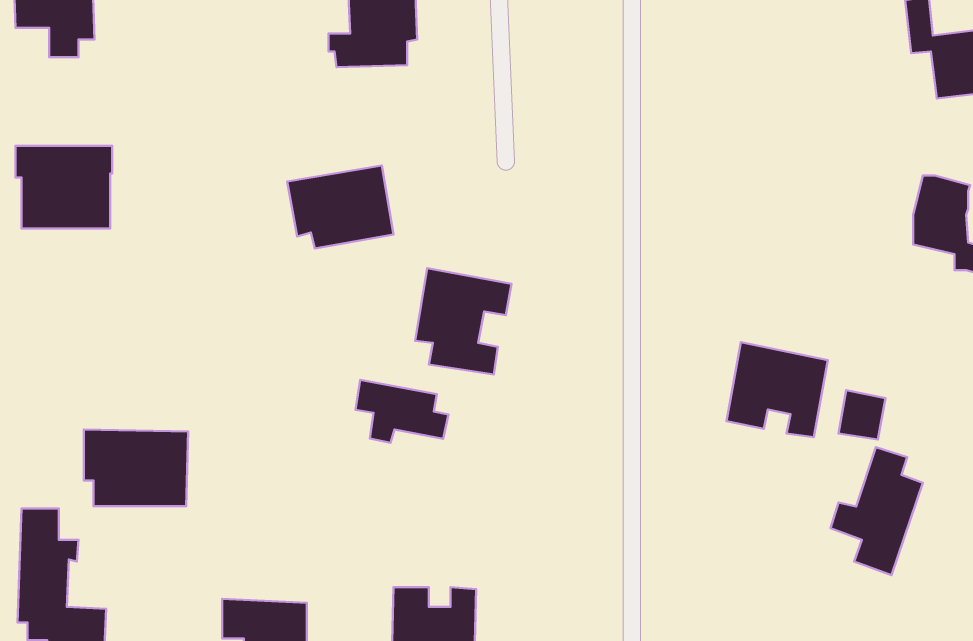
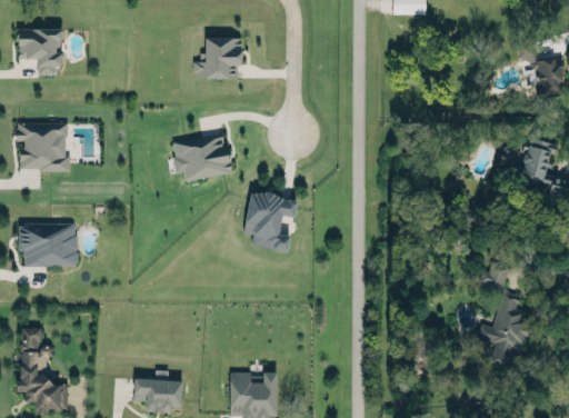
building: [727,342,828,437] -> none
building: [356,380,448,443] -> none
building: [84,429,188,506] -> [19,222,78,266]

